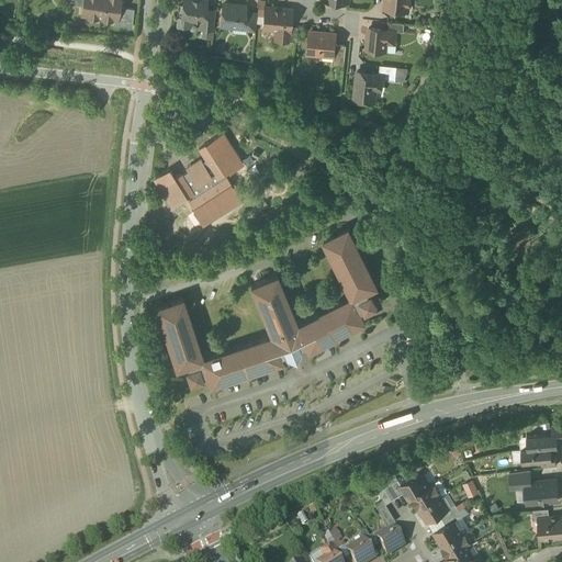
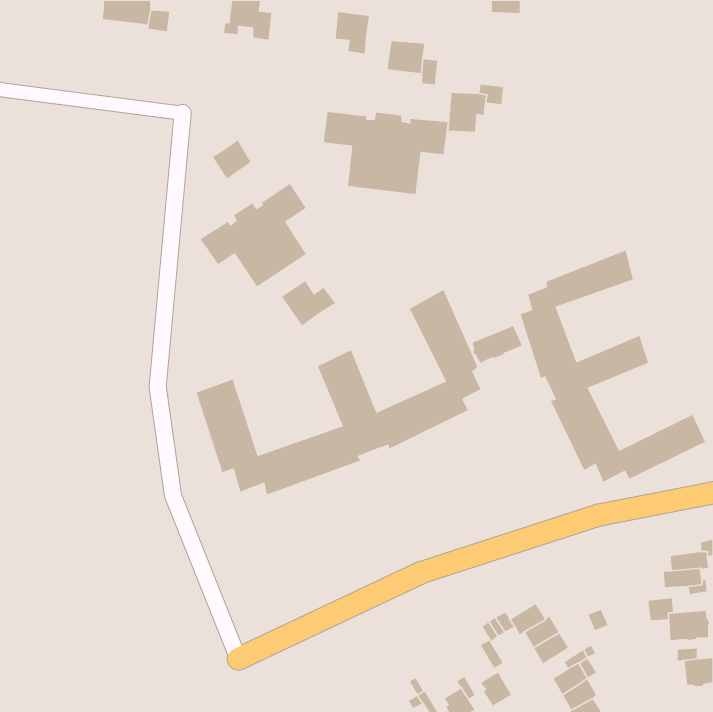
building: [221,5,256,33] -> none
building: [367,32,394,53] -> none
building: none -> [323,111,449,195]
building: none -> [212,139,252,179]
building: none -> [519,250,706,483]
building: none -> [281,280,336,326]
building: none -> [472,325,523,364]

